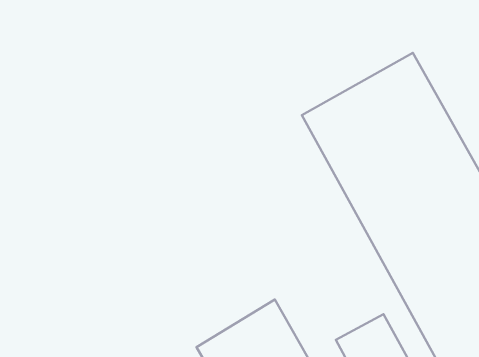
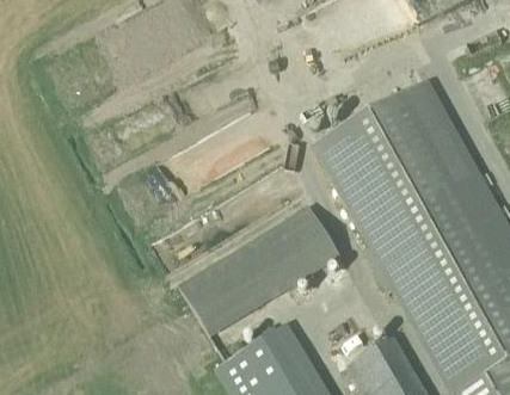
building: none -> [176,203,340,339]

